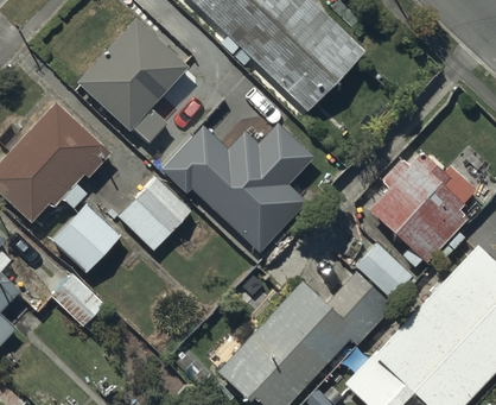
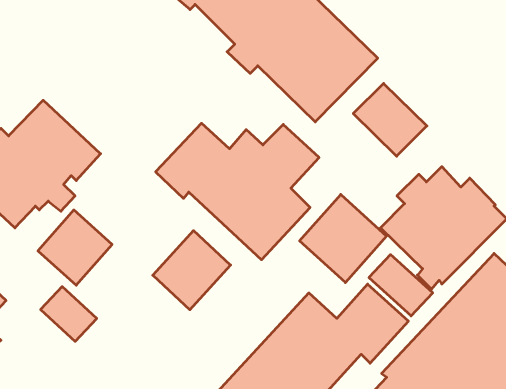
building: [80,27,190,154] -> none
building: none -> [353,83,427,156]
building: [120,177,192,251] -> [153,231,231,310]
building: none -> [300,194,387,283]

